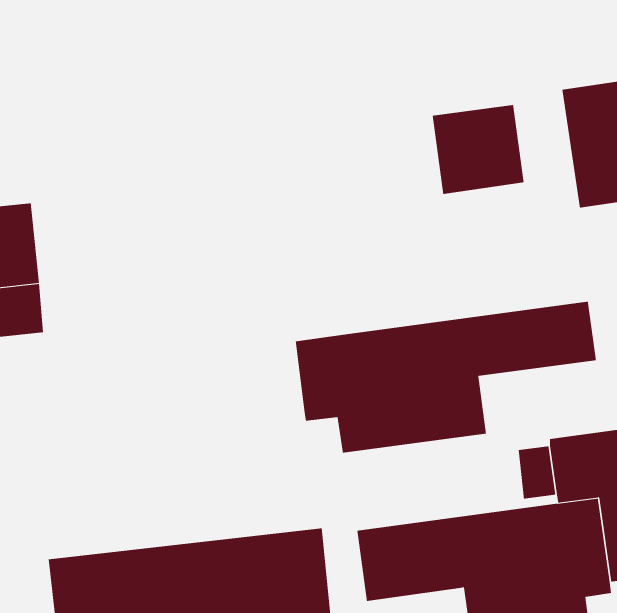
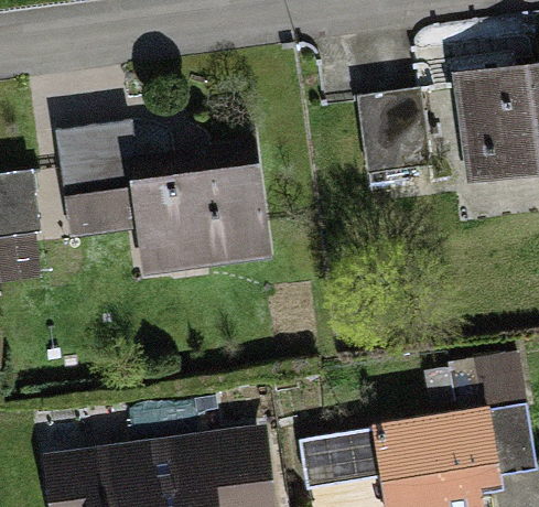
building: none -> [62,118,273,273]
building: [295,301,597,453] -> none

